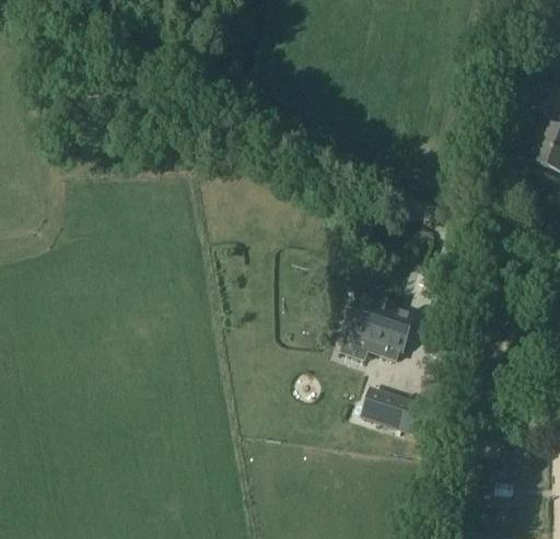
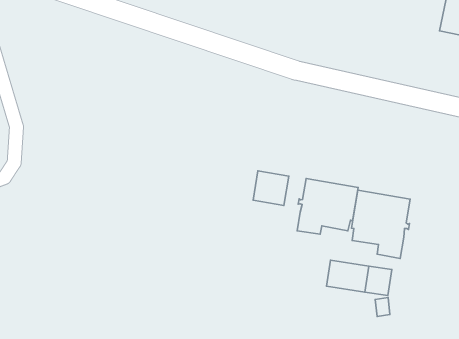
building: none -> [253,171,289,205]
building: none -> [351,190,410,258]

